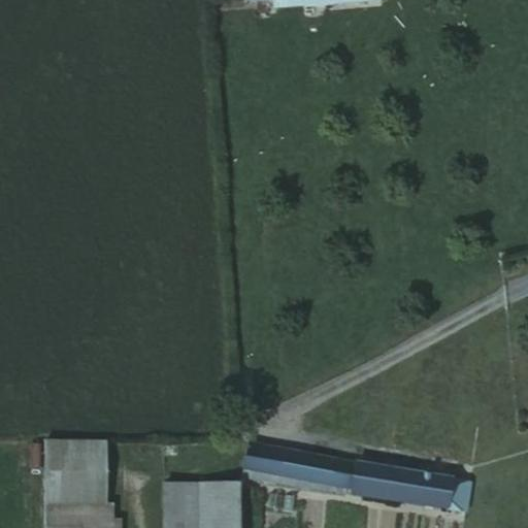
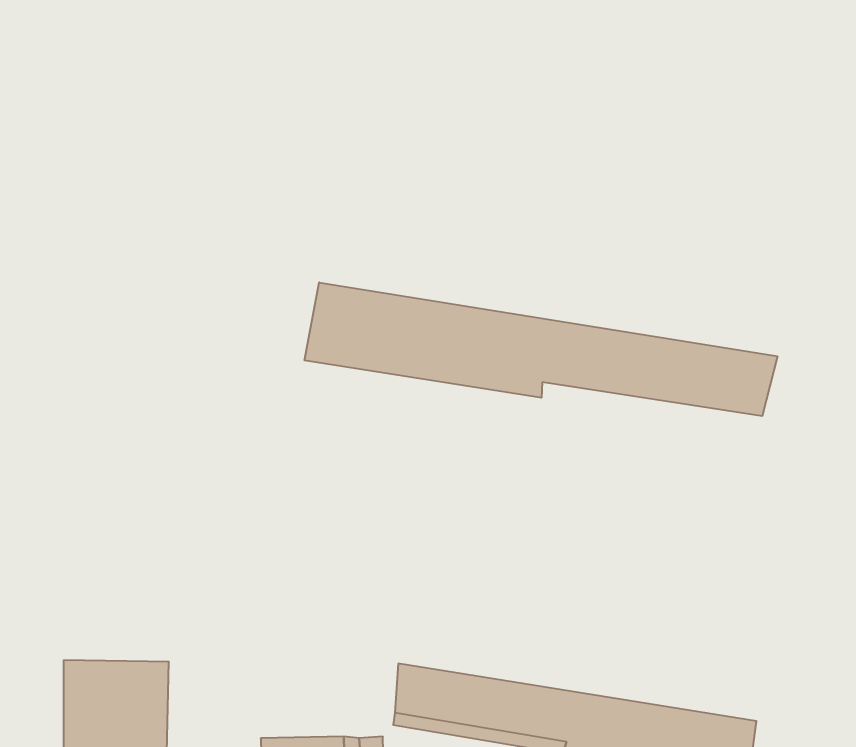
building: none -> [305,282,777,416]

